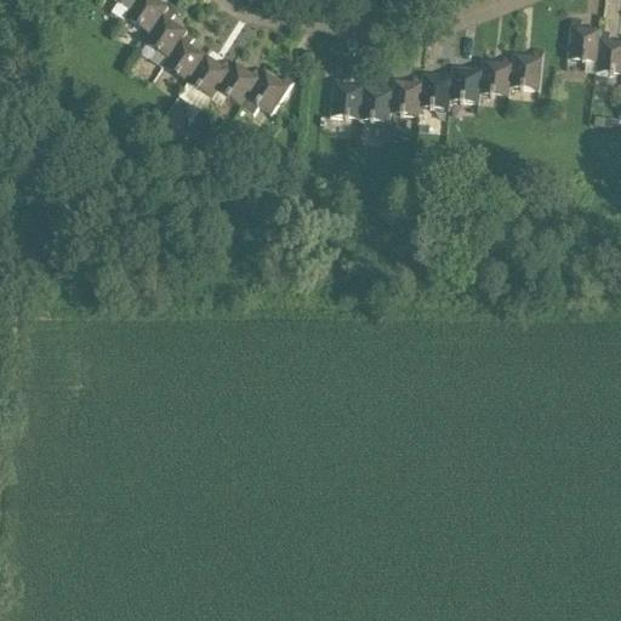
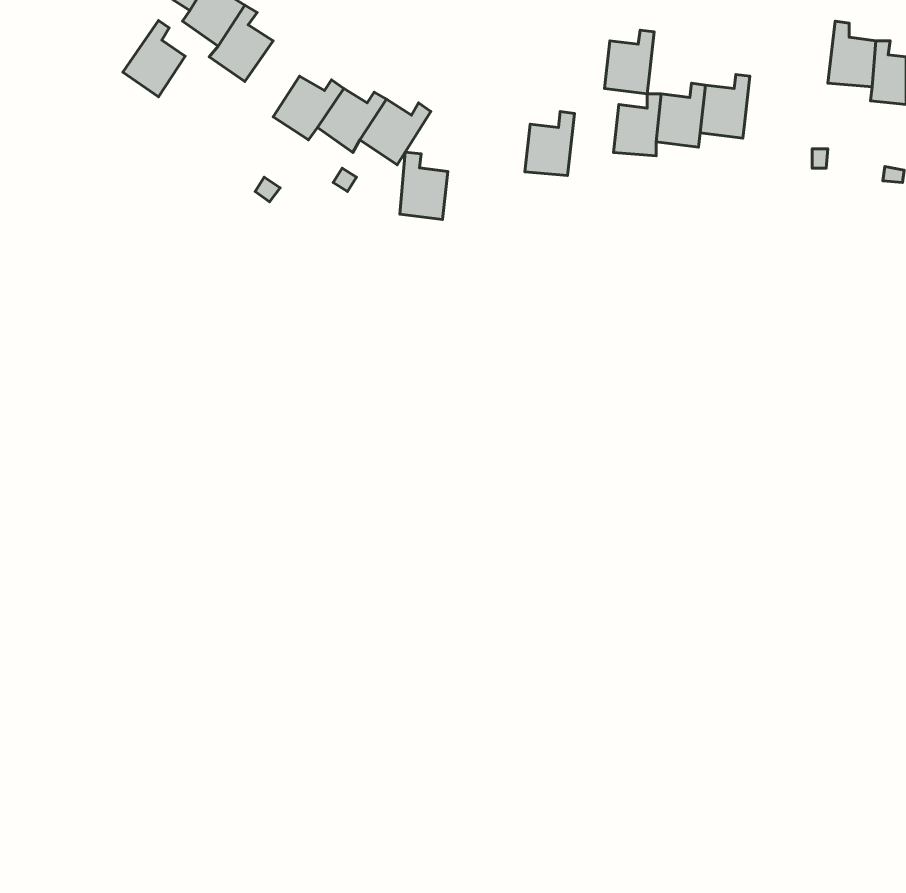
building: [163,28,205,80] -> [123,21,185,97]
building: [509,45,543,87] -> none
building: [389,70,423,114] -> [605,30,654,94]
building: [330,72,363,118] -> [400,152,448,219]

